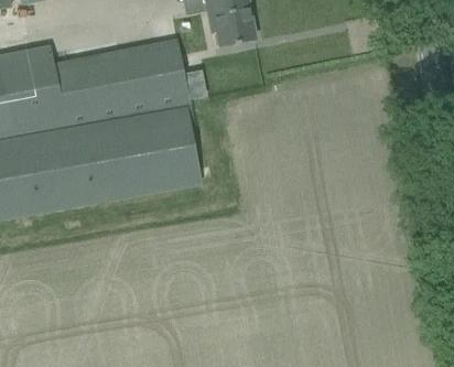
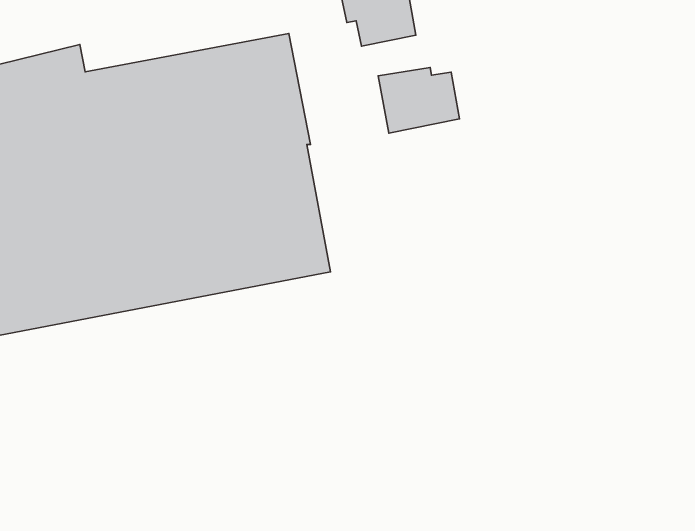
building: none -> [378,67,460,133]

